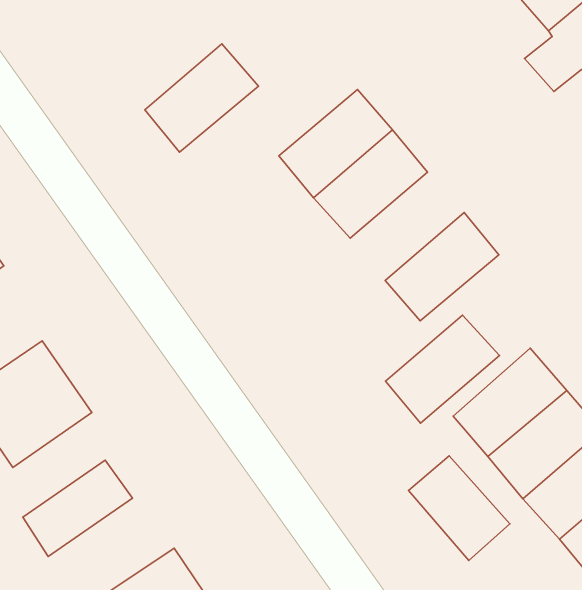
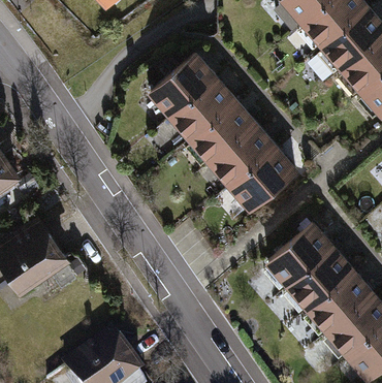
building: [145,44,258,152] -> [153,55,217,116]
building: [386,315,499,423] -> [213,125,277,186]
building: [409,456,510,560] -> none
building: [23,460,133,556] -> none

